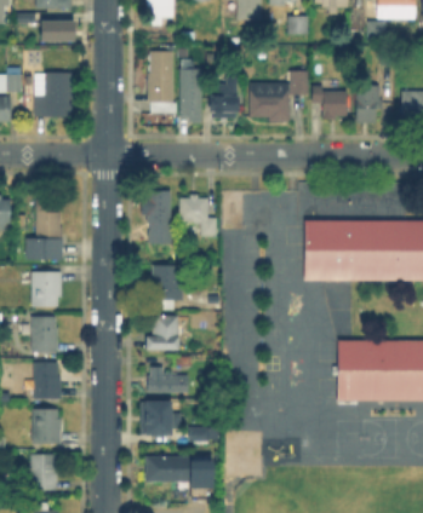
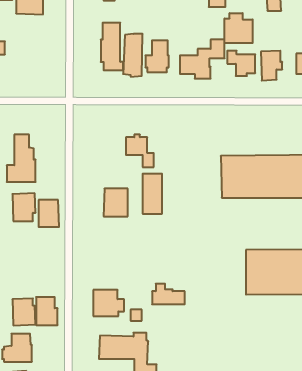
building: none -> [225,13,253,43]
building: [35,74,73,120] -> none
building: [147,191,172,243] -> [143,174,162,214]
building: [147,317,179,351] -> none
building: [33,318,59,353] -> [39,200,59,227]
building: [35,363,63,399] -> [36,297,58,325]
building: [145,364,188,391] -> [152,284,185,304]

